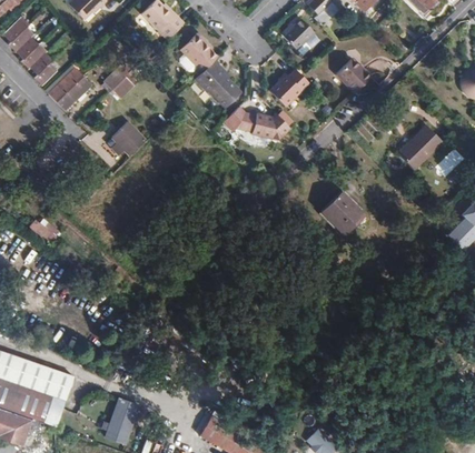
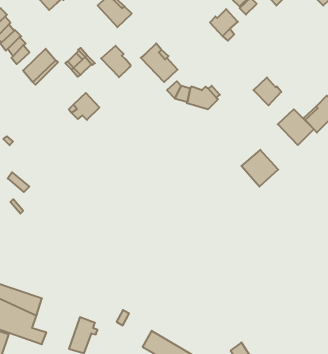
building: [179,33,216,72] -> [101,46,131,77]
building: [335,59,369,93] -> [253,77,281,105]
building: [269,70,308,107] -> none
building: none -> [278,109,314,145]

